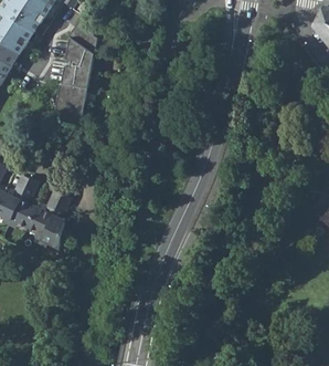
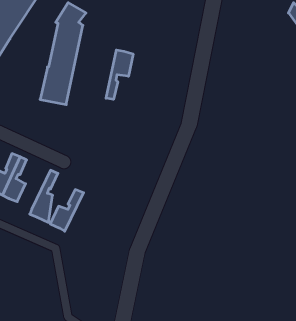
building: none -> [106,50,133,99]
building: [26,190,62,234] -> [50,190,84,231]

